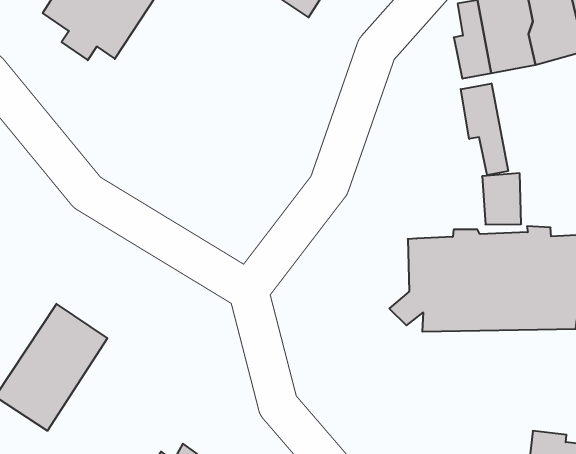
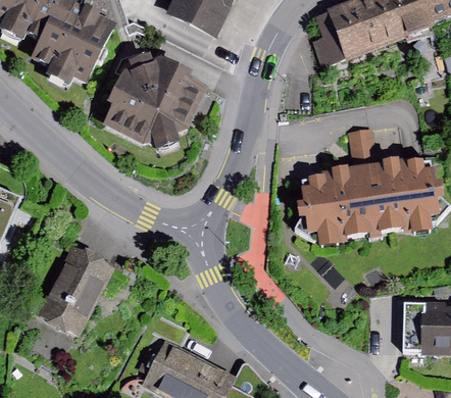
building: none -> [103,48,207,148]
building: [461,83,508,175] -> none

